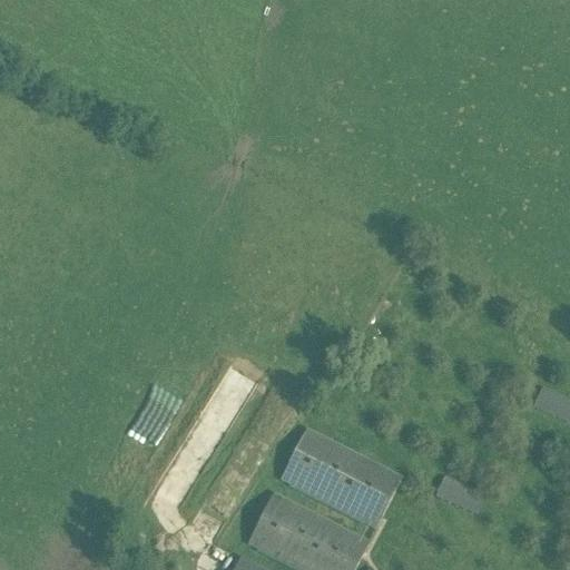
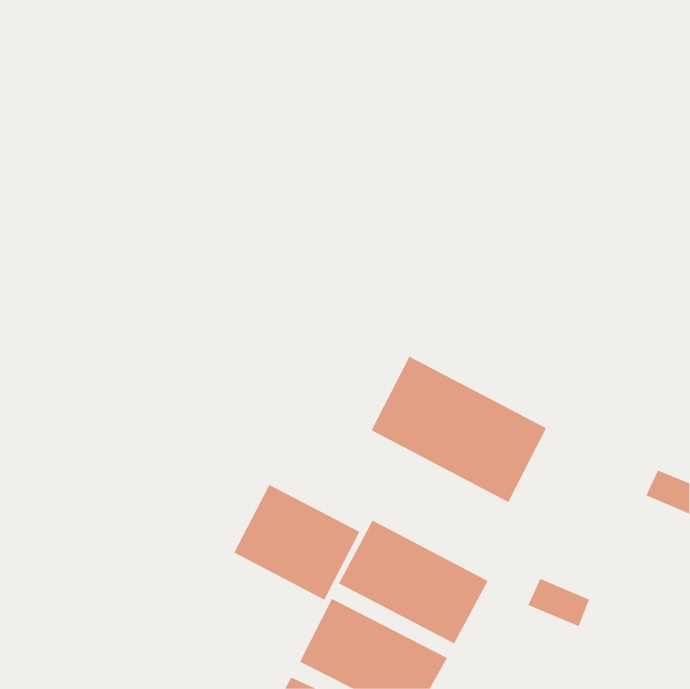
building: none -> [371,356,547,503]
building: none -> [234,484,360,600]

